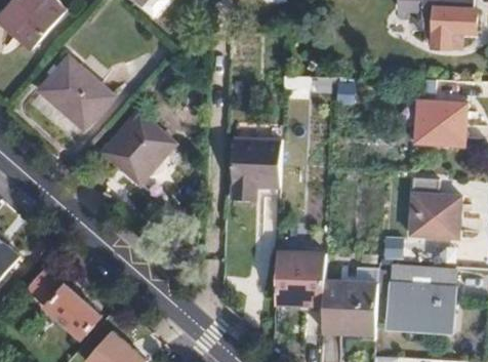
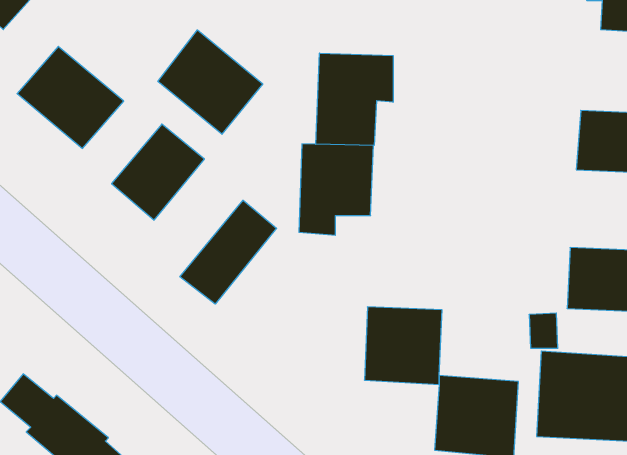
building: none -> [158,30,263,134]
building: none -> [316,53,393,145]
building: none -> [180,200,277,304]

